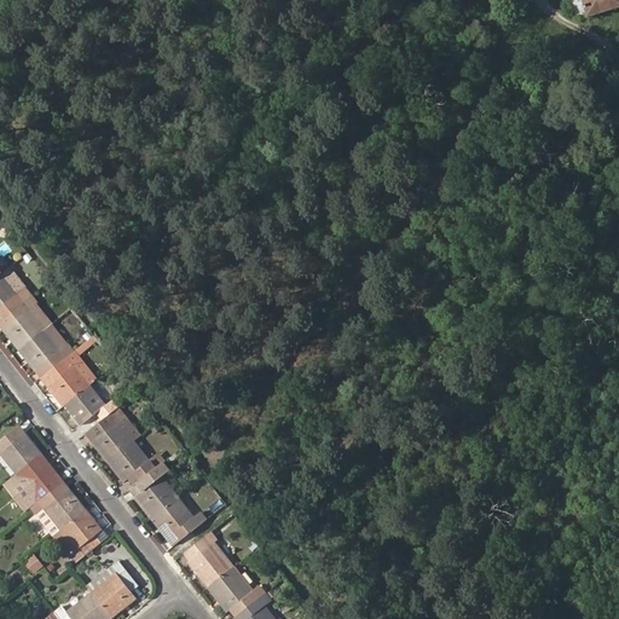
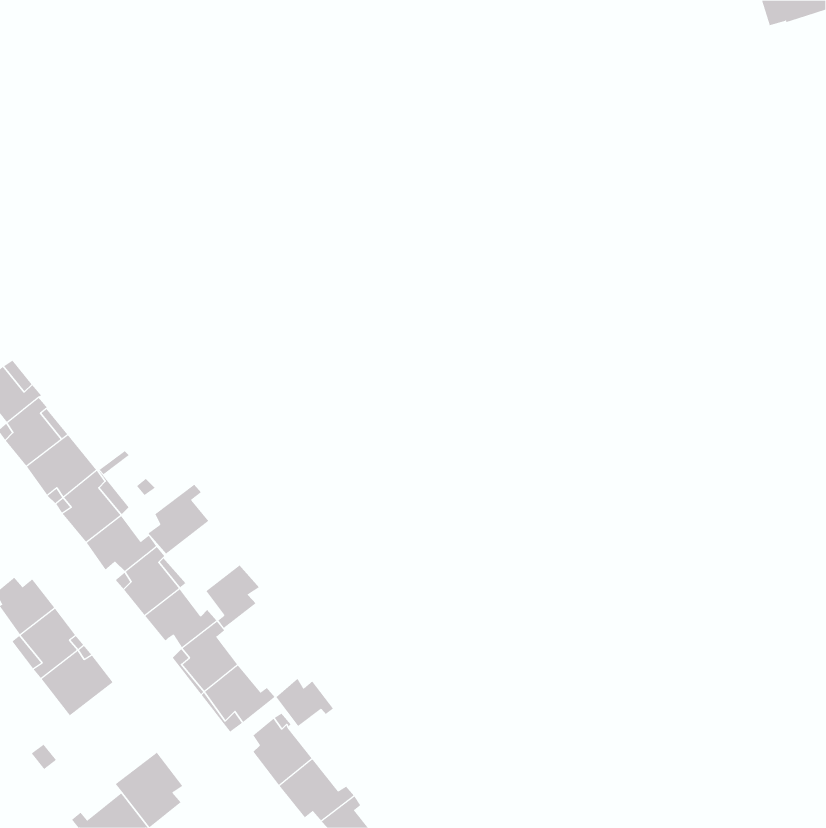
building: none -> [148,484,209,554]
building: none -> [205,564,260,629]
building: none -> [275,678,334,727]
building: [52,509,100,562] -> none

